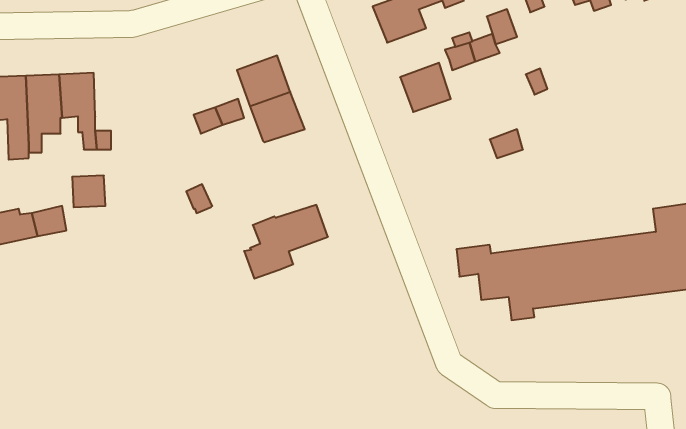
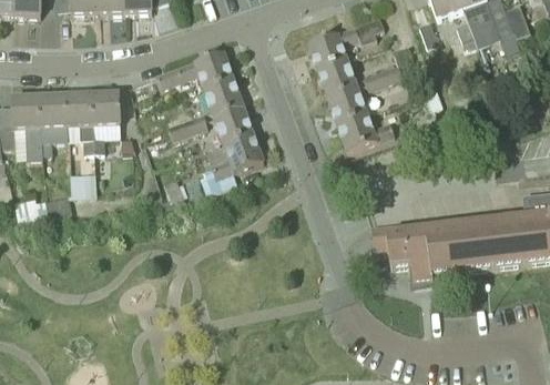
building: none -> [134,51,233,97]
building: none -> [317,59,357,97]
building: none -> [92,92,120,126]
building: none -> [337,113,394,151]
building: [244,205,328,279] -> [198,136,263,193]

